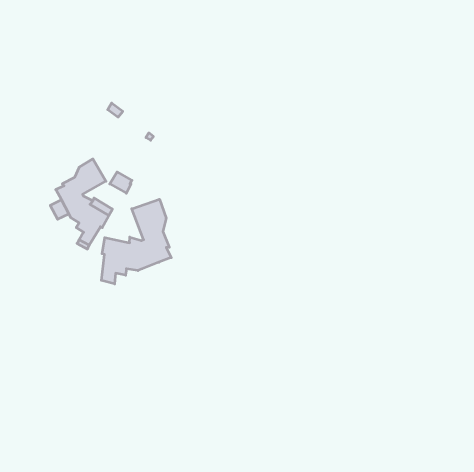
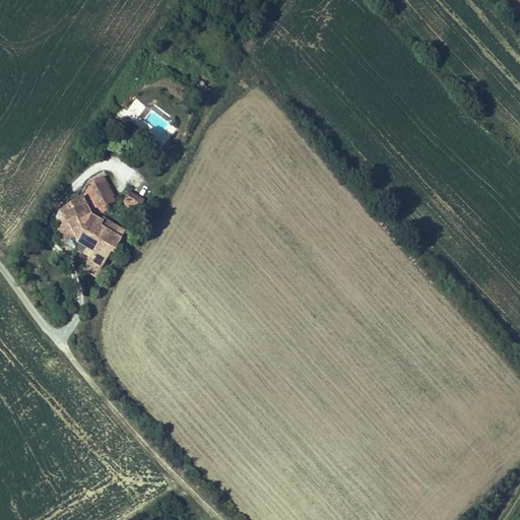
building: [101,199,171,284] -> none

